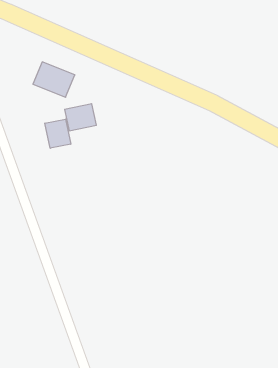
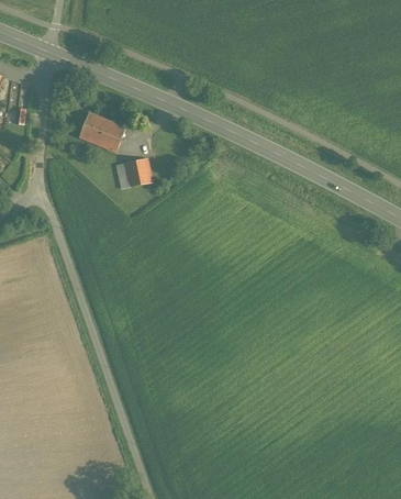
building: [45,119,71,148] -> none

